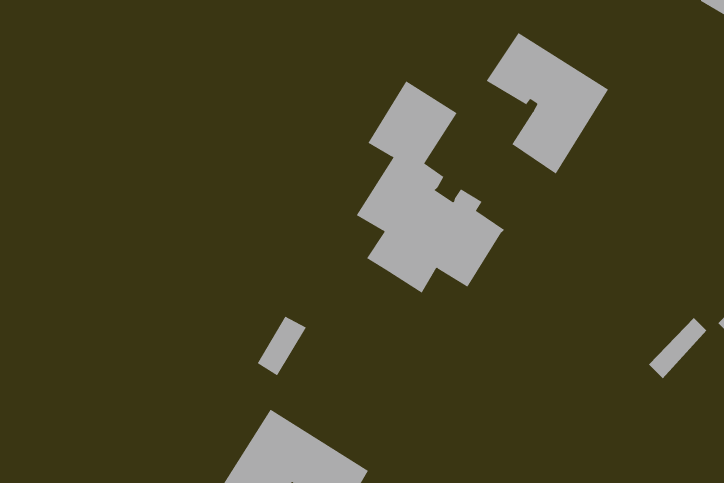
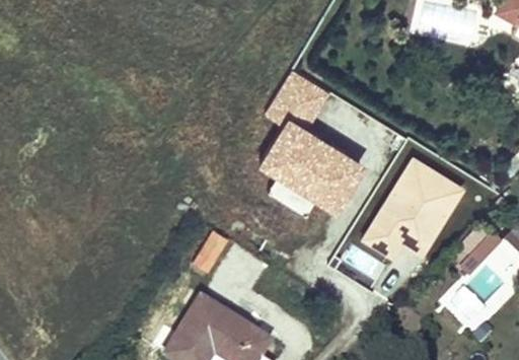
building: [486,32,609,174] -> none
building: none -> [360,155,466,262]

